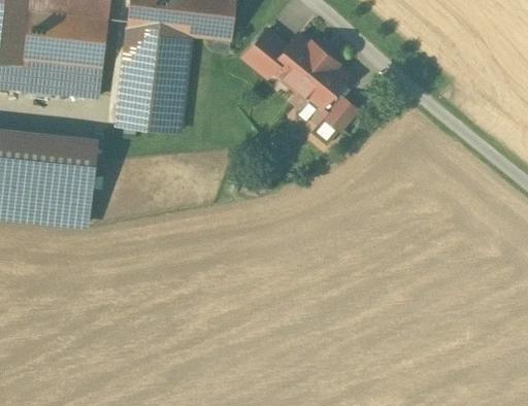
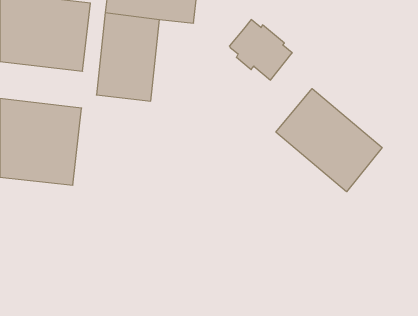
building: [243,28,288,74] -> none
building: [323,95,356,128] -> none
building: none -> [276,89,382,192]

